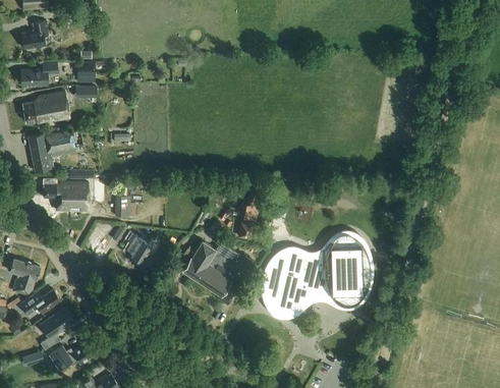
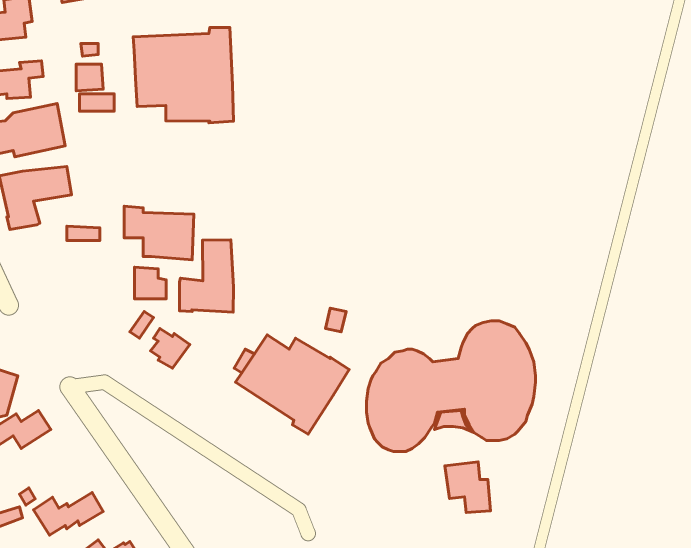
building: none -> [133,27,234,123]
building: [42,176,87,211] -> [124,206,194,260]
building: none -> [179,240,234,312]
building: [40,307,74,337] -> none
building: none -> [445,462,491,513]

